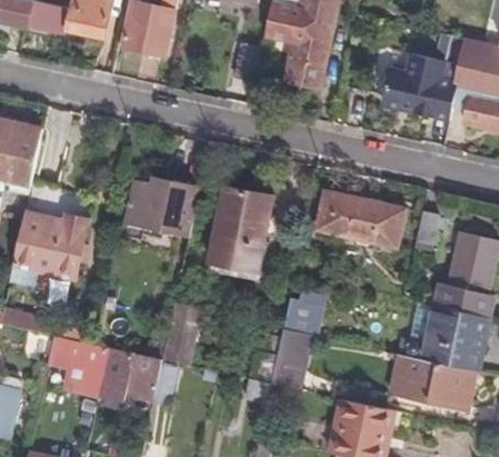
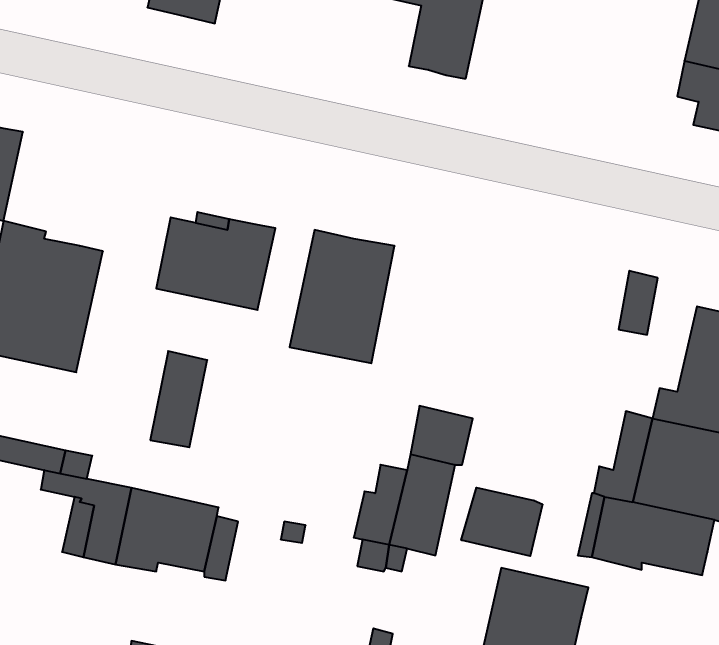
building: [379,52,459,120] -> none
building: [316,192,403,248] -> none
building: [163,306,199,366] -> [150,351,207,447]
building: none -> [461,488,542,556]

